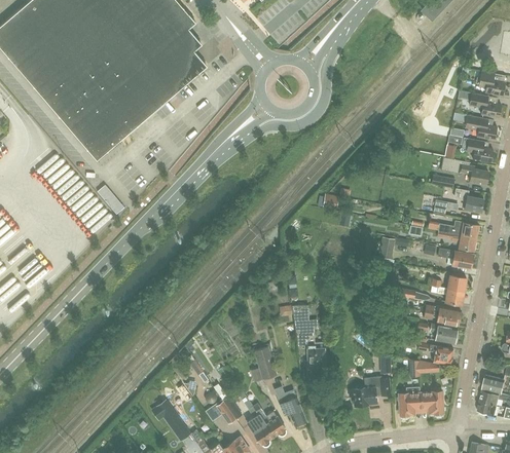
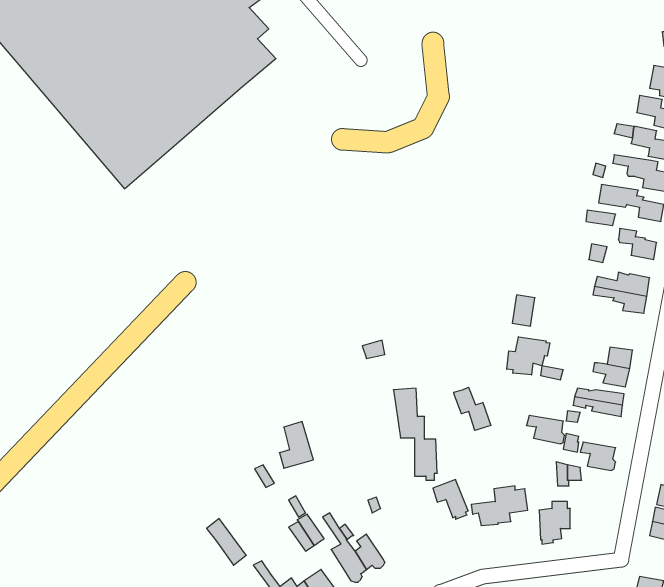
building: [442,249,473,269] -> none
building: none -> [507,337,550,375]
building: none -> [454,387,491,430]
building: [430,324,458,344] -> [526,415,565,444]
building: [251,347,276,381] -> [279,422,313,468]
building: [421,391,443,416] -> none
building: [280,398,305,426] -> [433,480,468,519]

